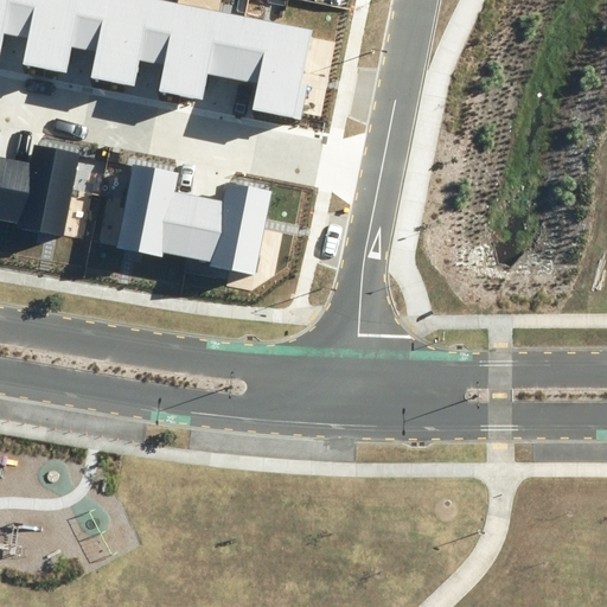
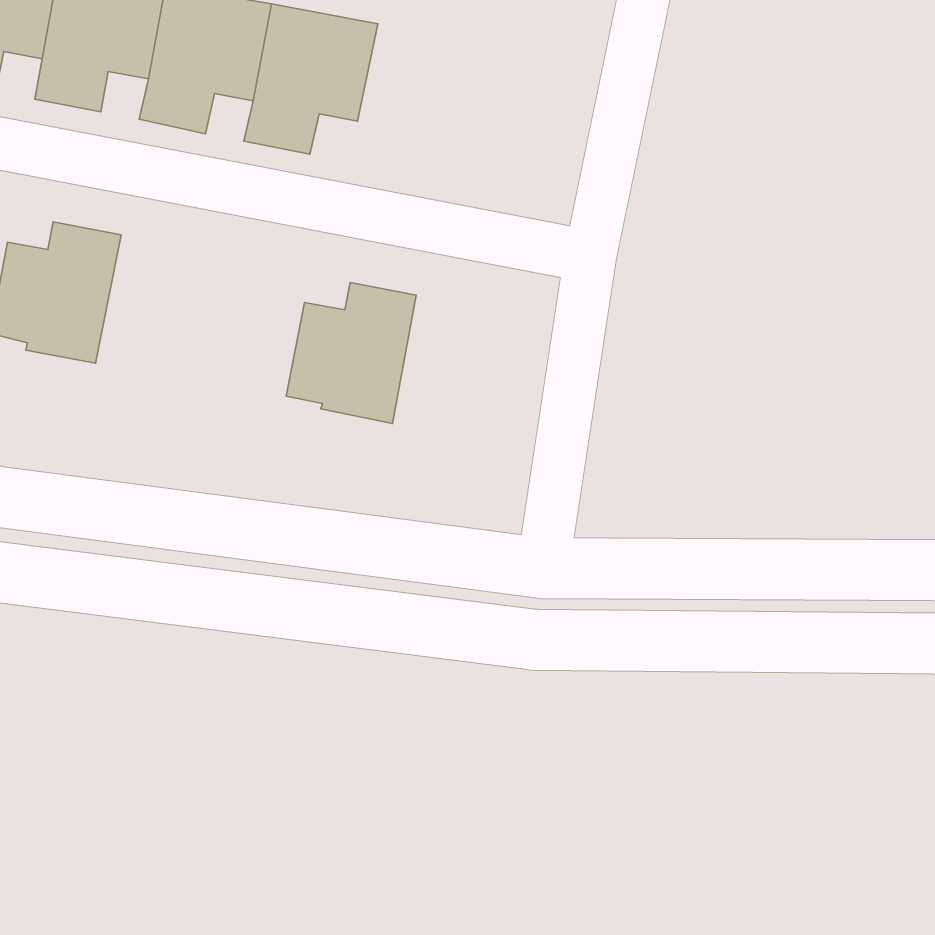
building: [231,15,311,119] -> none
building: [115,164,197,256] -> none

